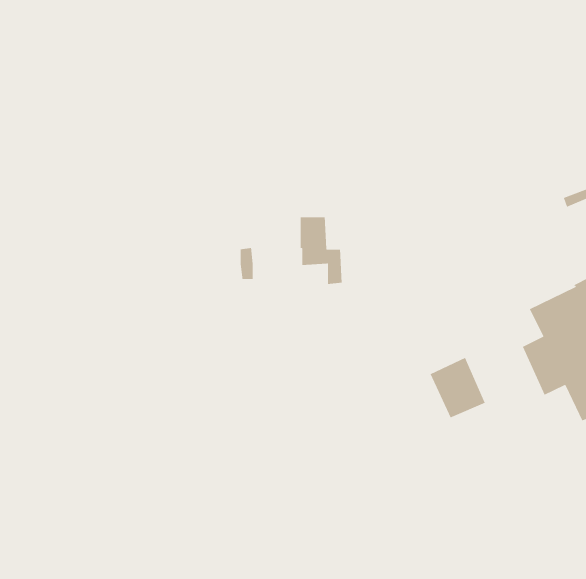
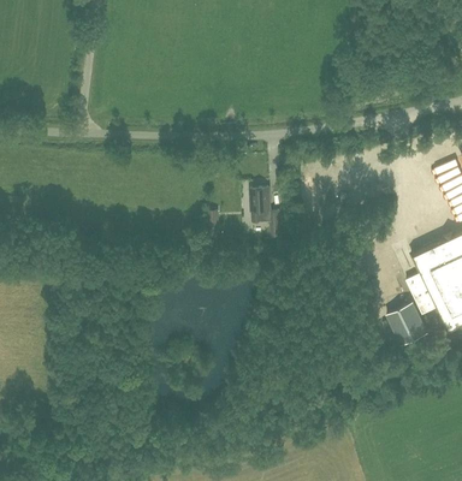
building: [430,357,486,418] -> [389,302,428,345]

